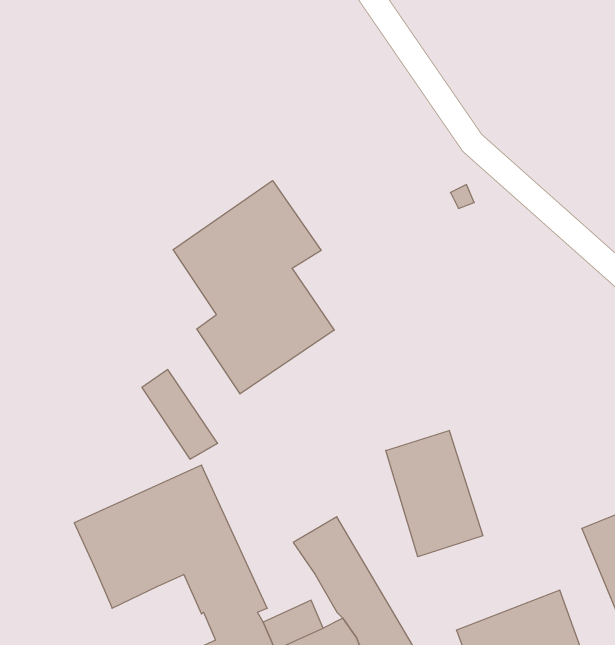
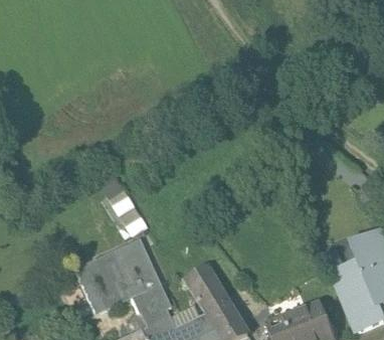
building: [173,181,334,394] -> none
building: [386,430,483,557] -> none

